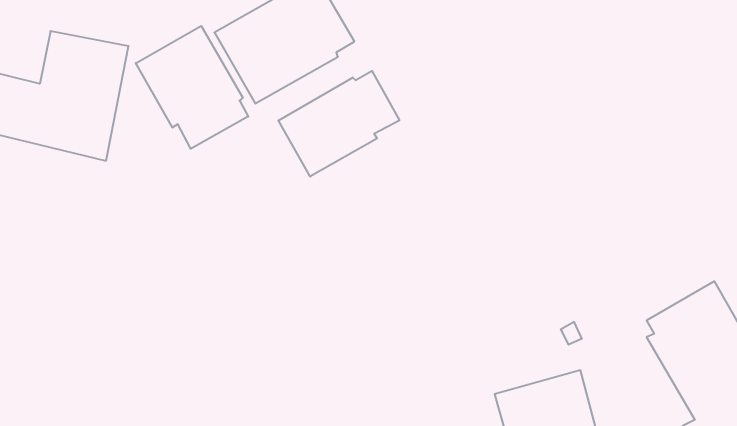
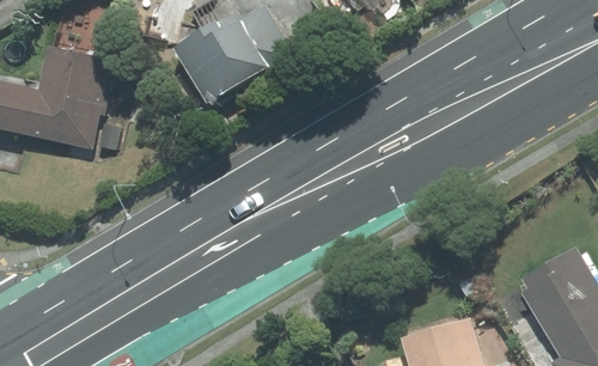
building: [136,26,248,149] -> none
building: [278,71,399,177] -> none

